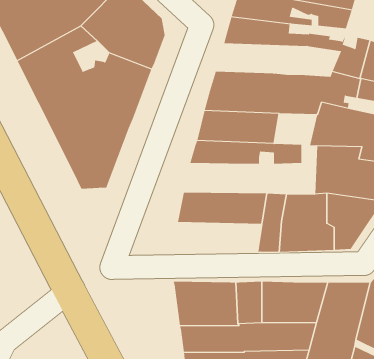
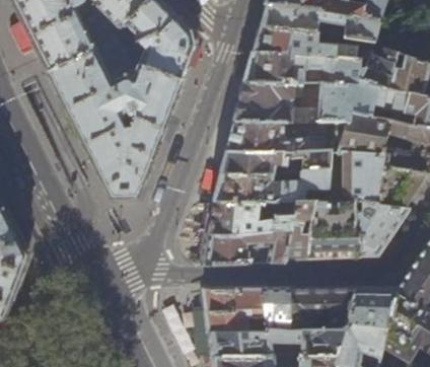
building: none -> [244,55,367,87]
building: none -> [213,172,330,202]
building: none -> [204,230,290,265]

